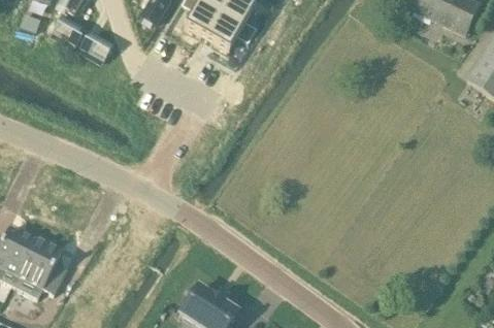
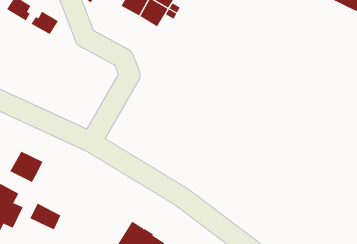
building: none -> [9,151,43,183]
building: none -> [29,203,61,230]

